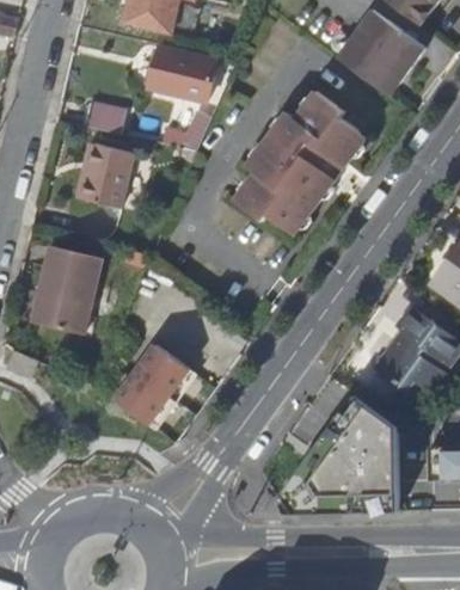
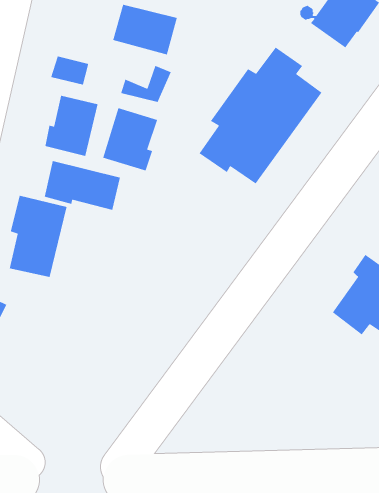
building: none -> [102,107,158,171]
building: none -> [44,160,121,211]
building: [115,343,190,424] -> none
building: [278,394,399,512] -> none

